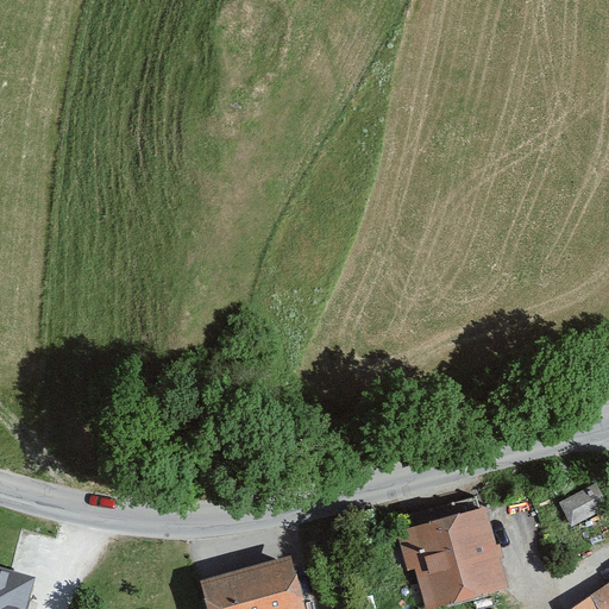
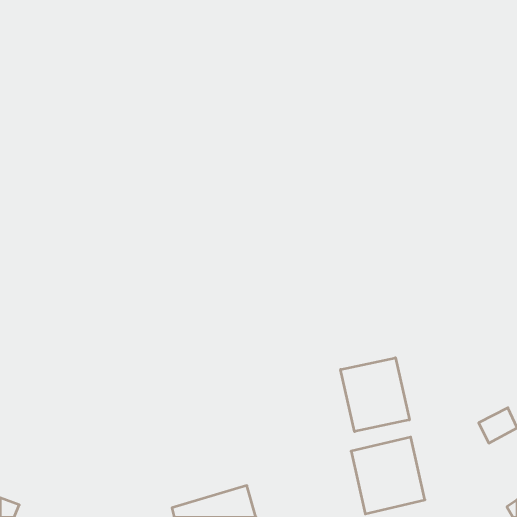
building: none -> [341,358,409,432]

